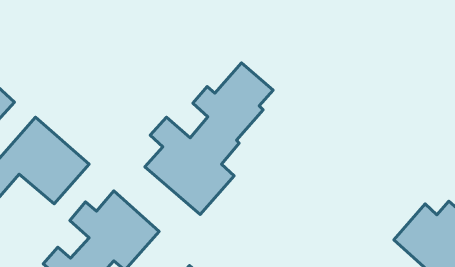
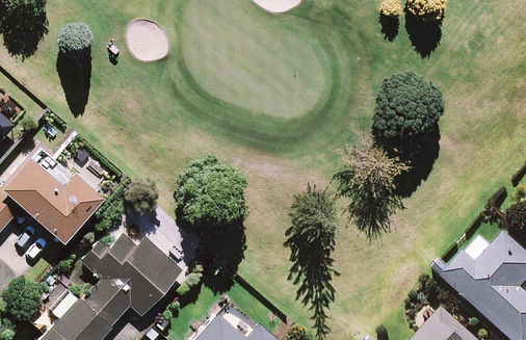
building: [145,63,273,215] -> none

